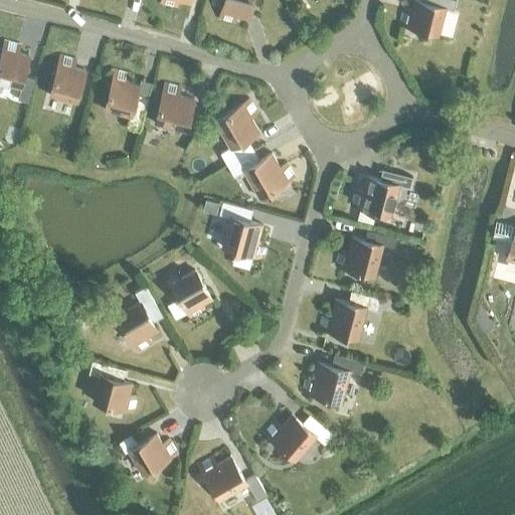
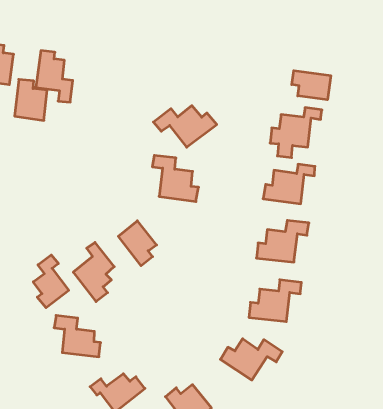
building: [155,85,194,134] -> [15,79,47,120]
building: [214,102,260,167] -> none
building: none -> [292,71,331,100]
building: none -> [33,255,69,308]

